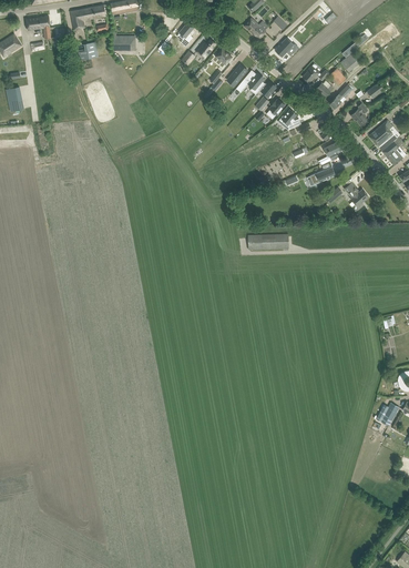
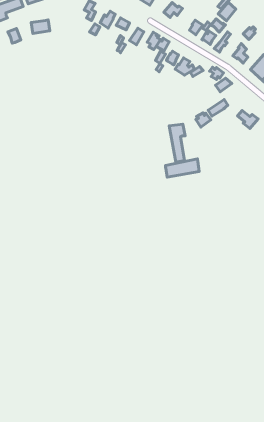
building: none -> [169,124,185,162]

